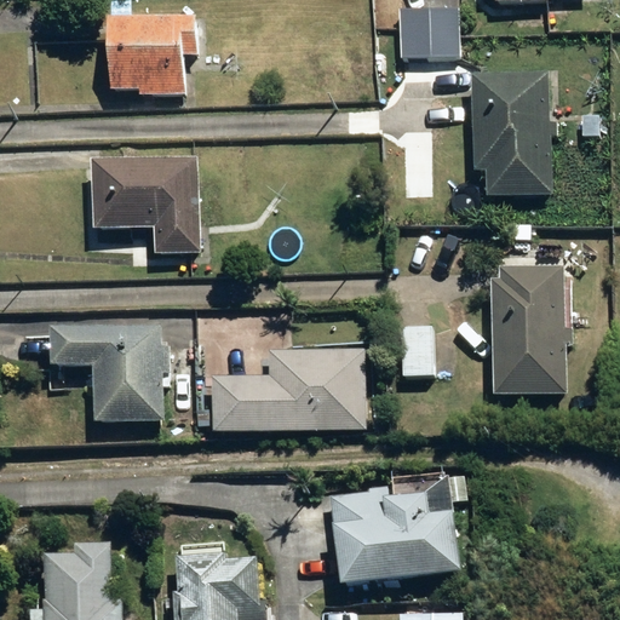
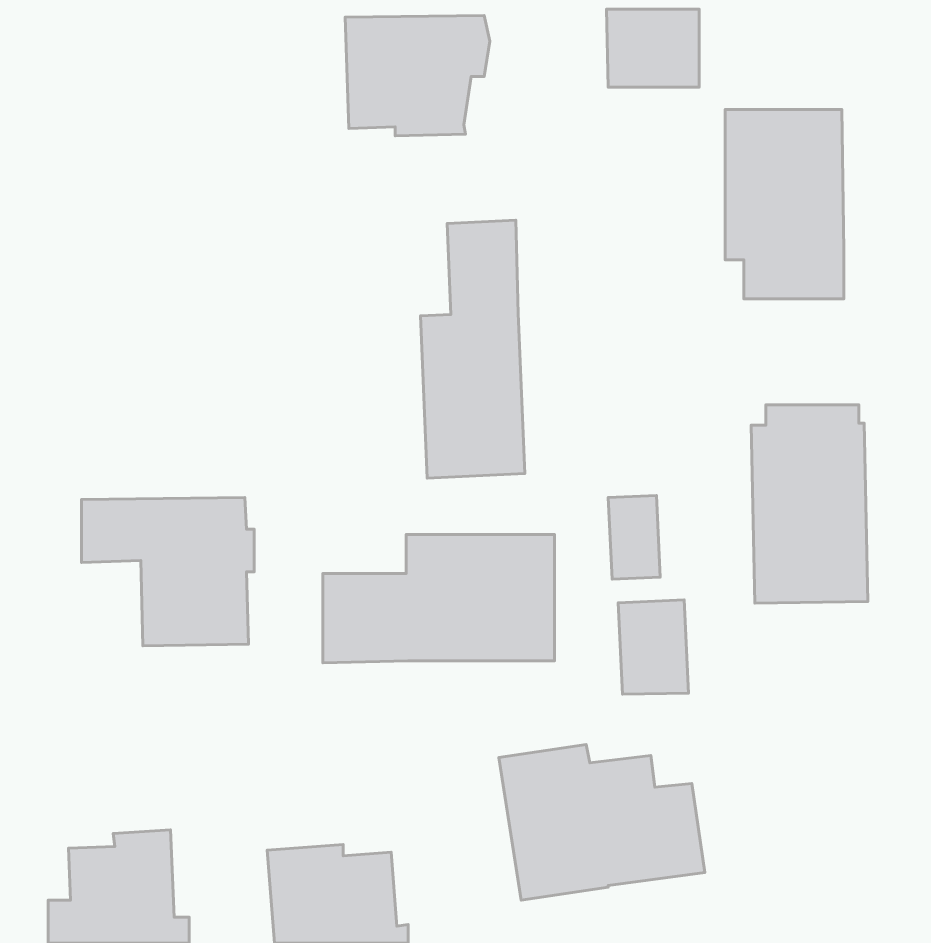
building: [105,16,200,94] -> [345,15,490,136]
building: none -> [421,220,525,478]
building: [92,155,200,254] -> none
building: none -> [618,600,688,694]

